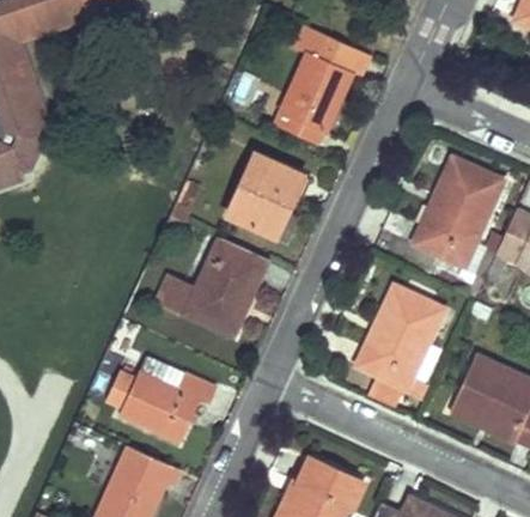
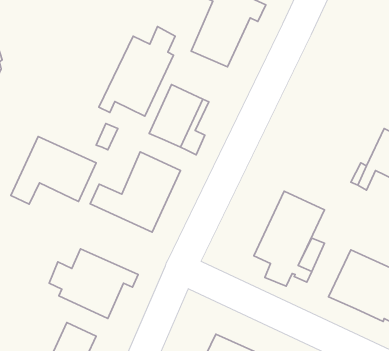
building: none -> [99,27,175,116]
building: [413,158,500,267] -> none
building: none -> [11,136,96,204]

